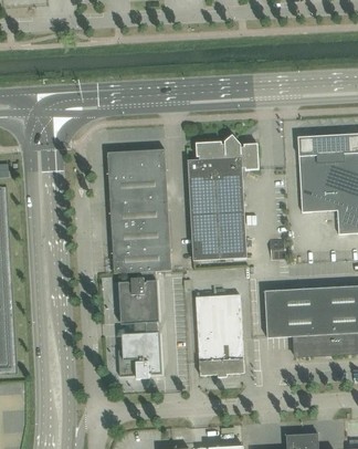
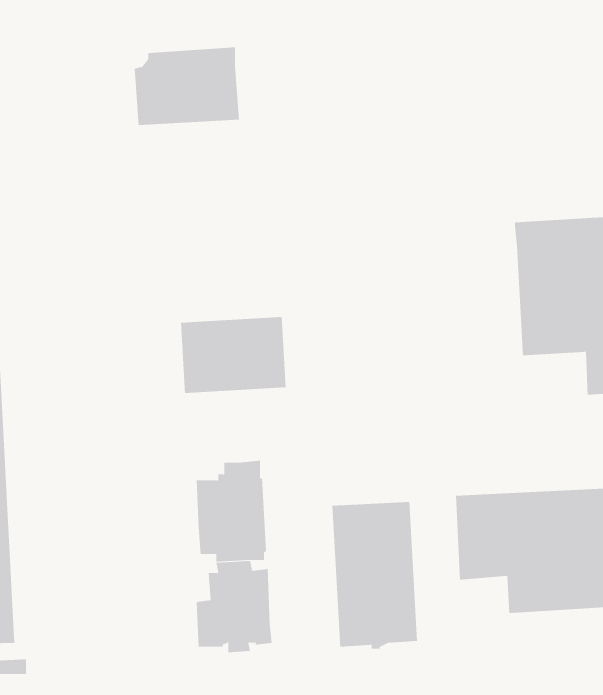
building: [187,135,259,261] -> none
building: [107,149,167,194] -> [134,47,240,126]
building: [112,230,171,273] -> none

